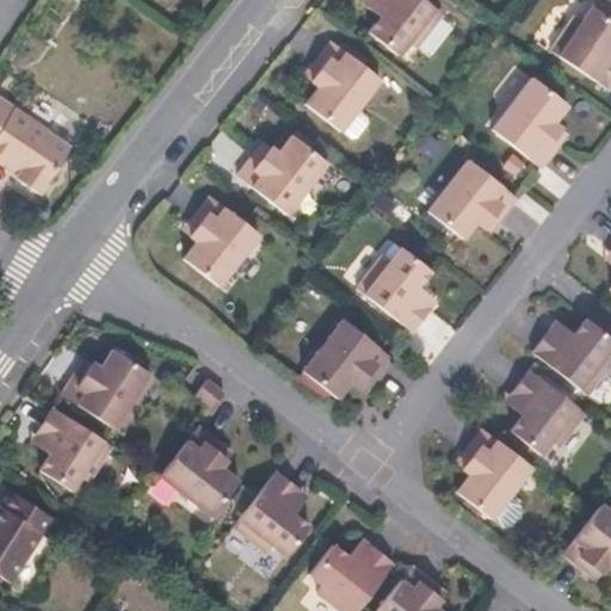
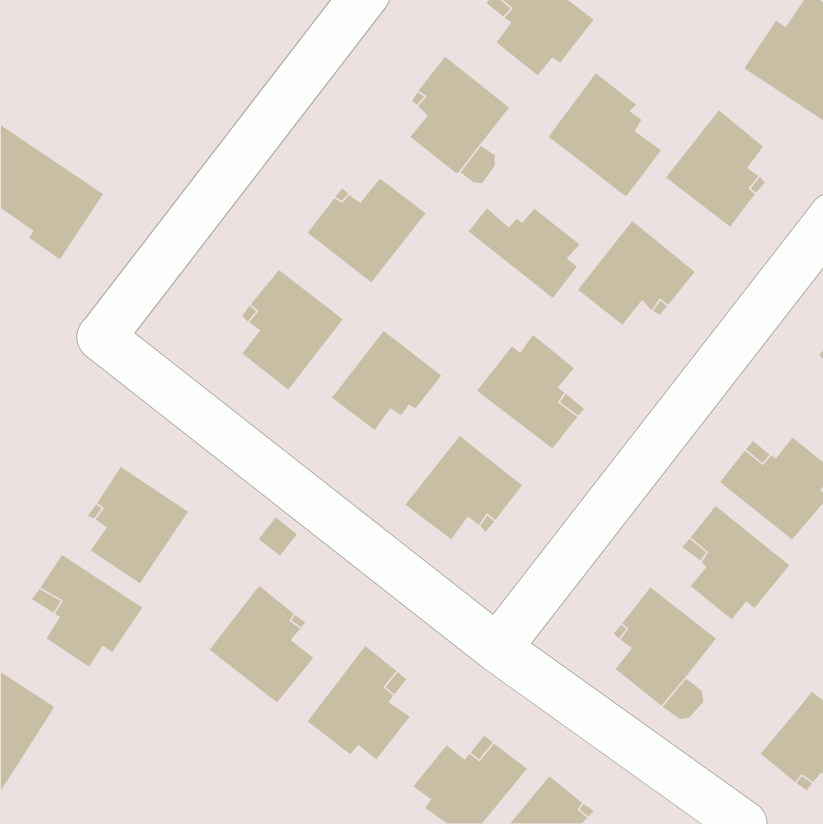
building: none -> [547,72,662,197]
building: none -> [468,207,580,299]
building: none -> [331,330,442,431]

